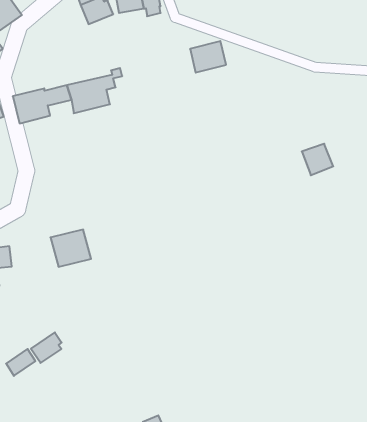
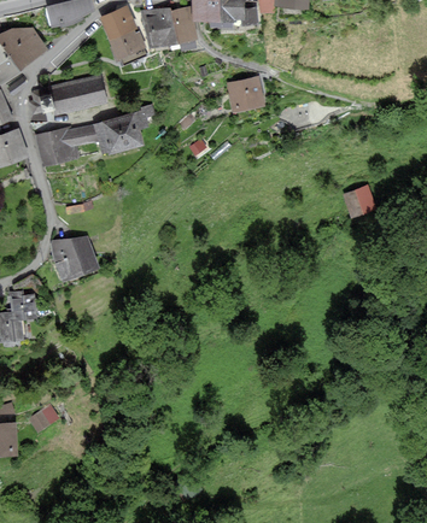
building: none -> [28,74,107,116]
building: [50,230,91,267] -> [53,236,96,276]
building: [31,332,62,363] -> none

